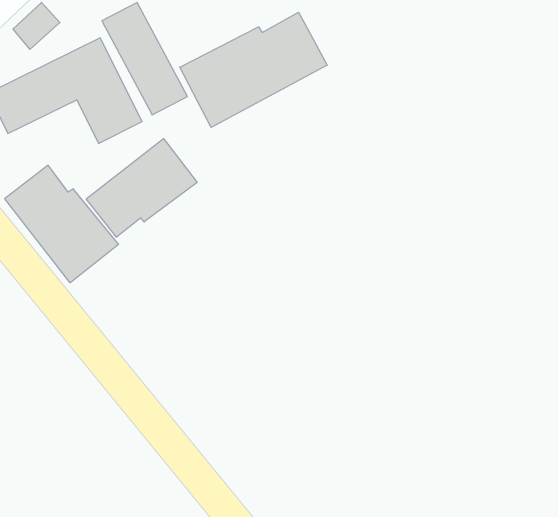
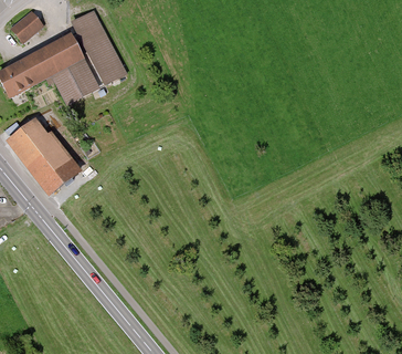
building: [180,12,327,127] -> none
building: [86,139,197,237] -> none

